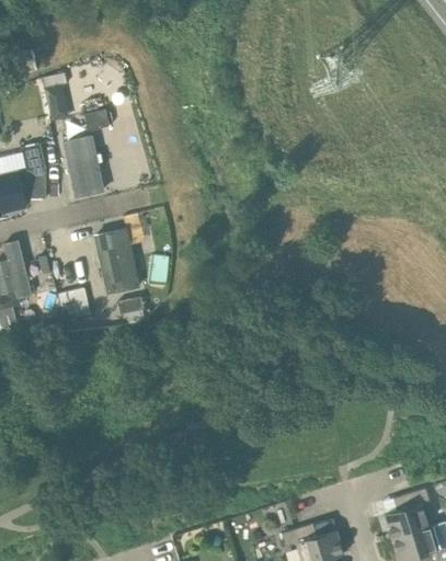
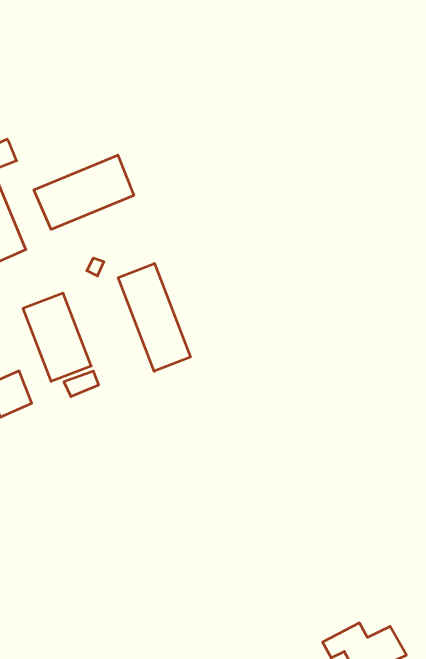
building: none -> [34,155,134,229]
building: none -> [118,263,190,371]

